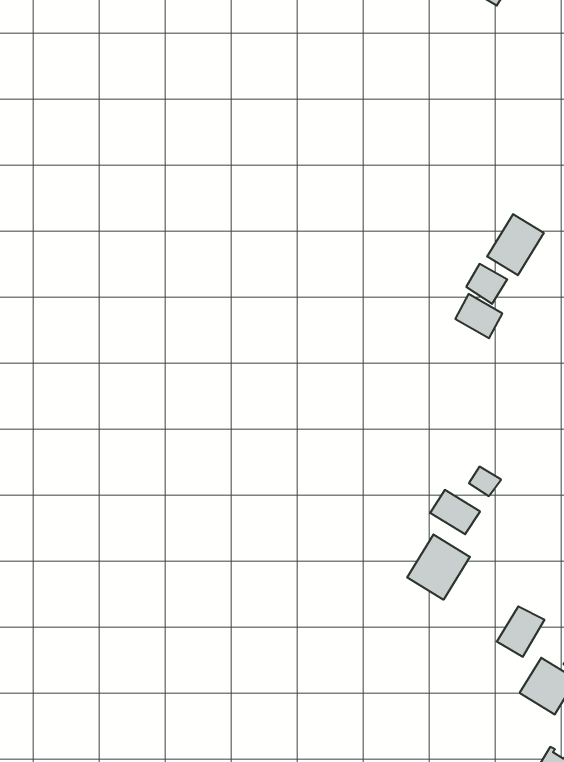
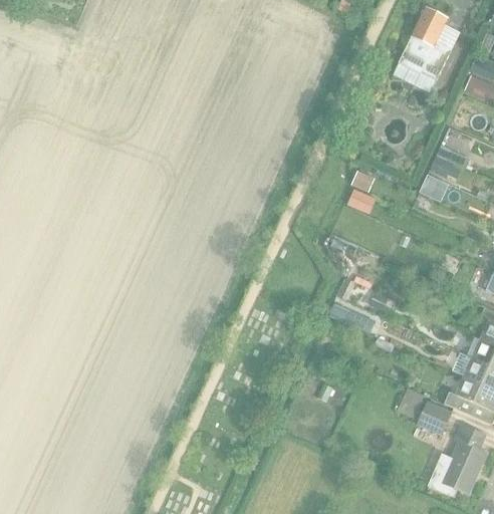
building: [487,214,544,275] -> none
building: [407,534,470,600] -> none

